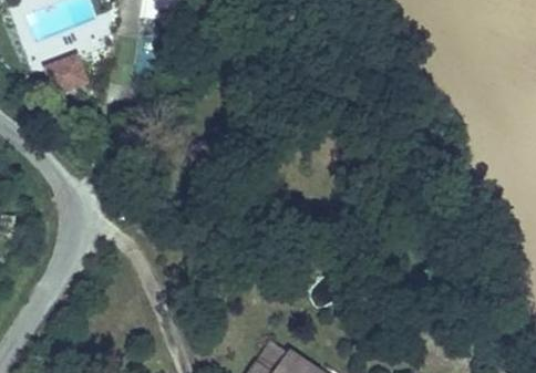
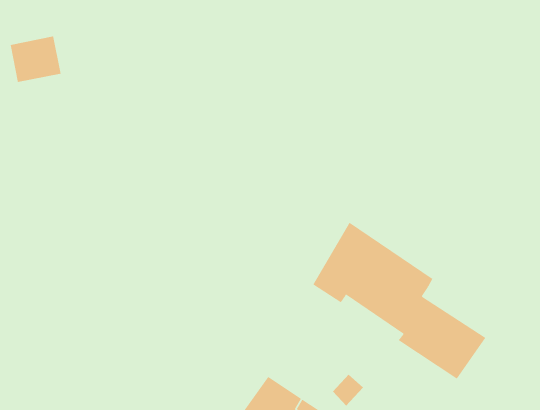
building: none -> [312,222,486,379]

